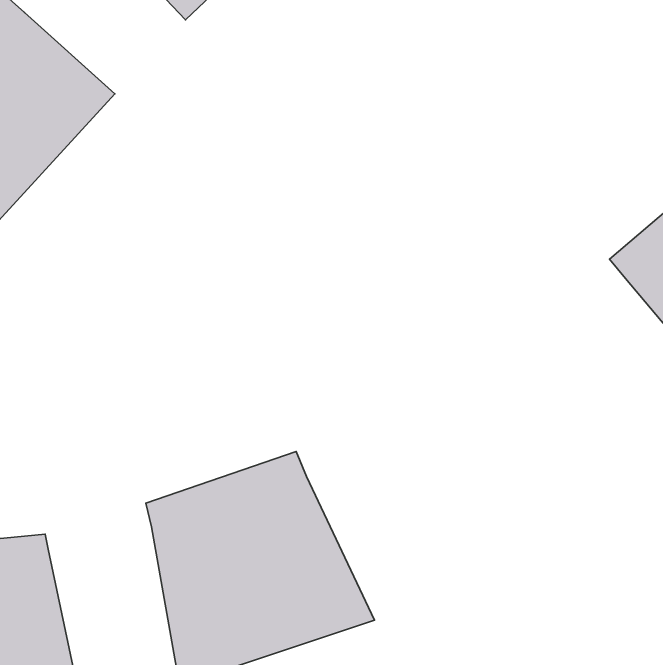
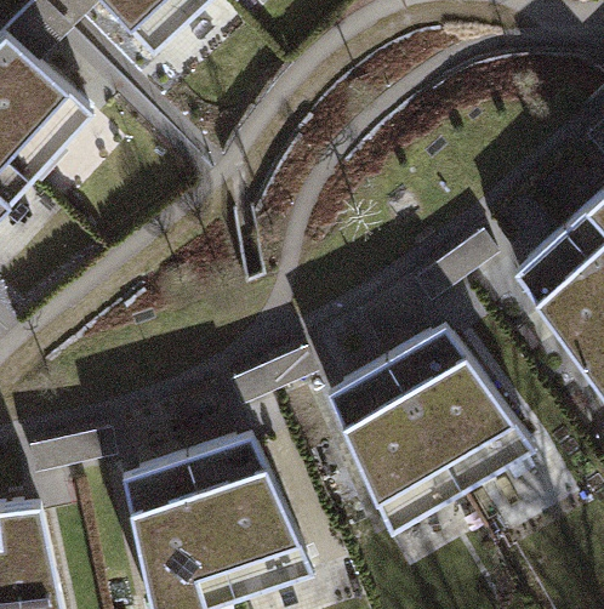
building: none -> [332,324,537,531]

